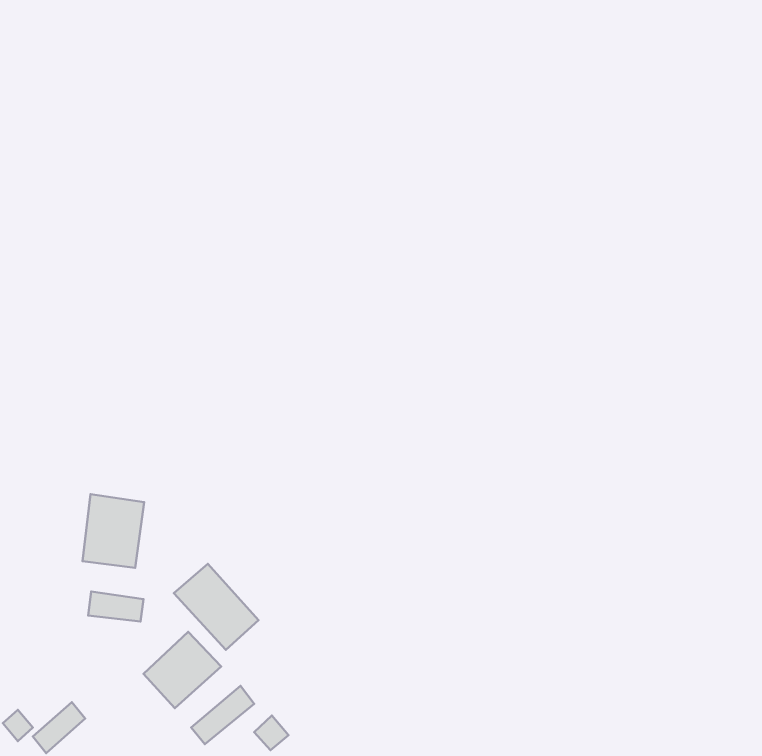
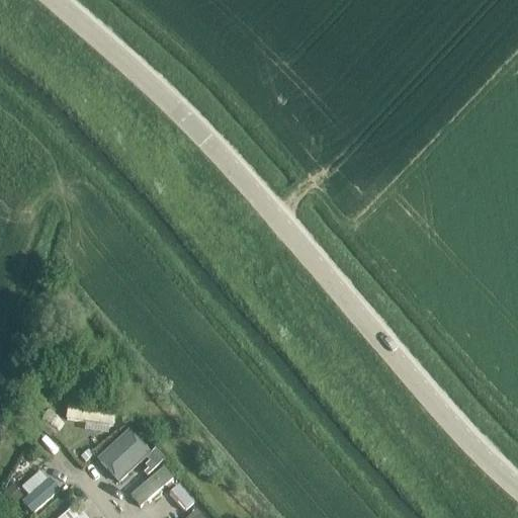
building: [83,494,144,568] -> none
building: [174,564,258,650] -> none

